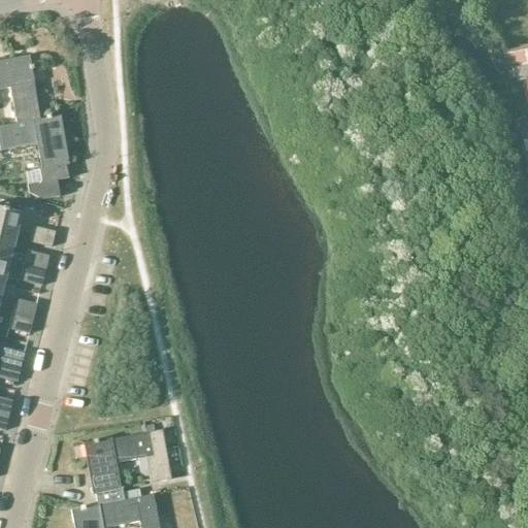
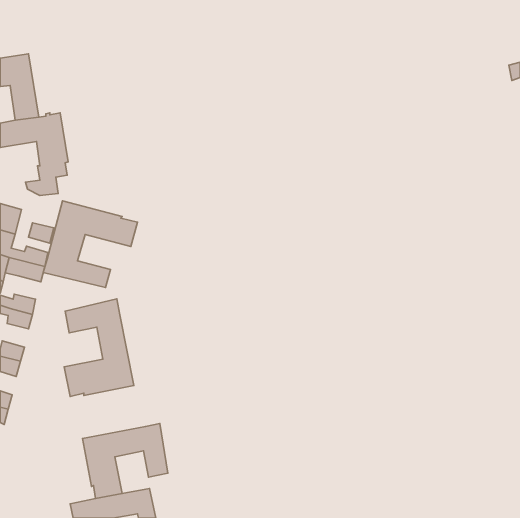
building: none -> [43,201,137,287]
building: none -> [64,299,134,396]

